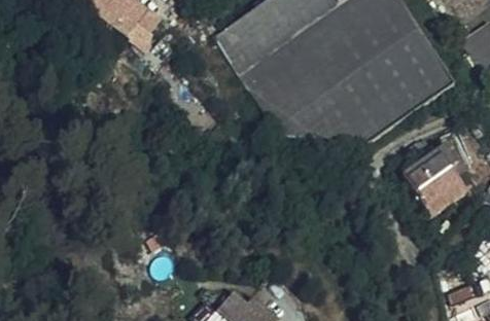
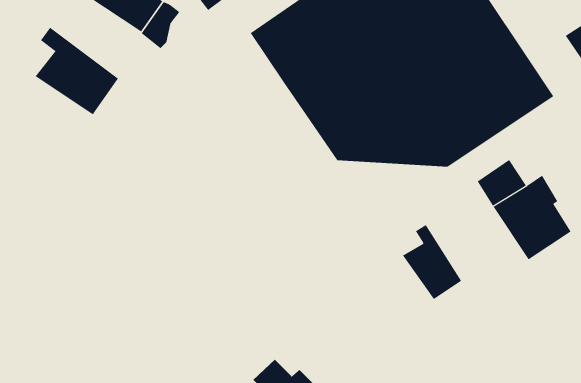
building: none -> [35,27,120,115]
building: none -> [402,224,463,300]

